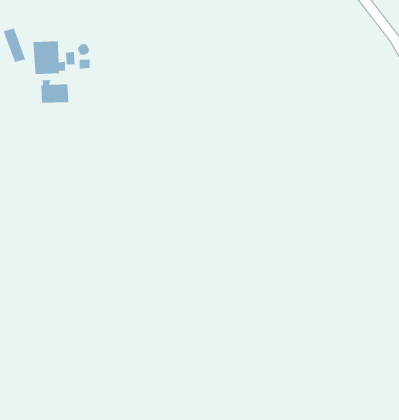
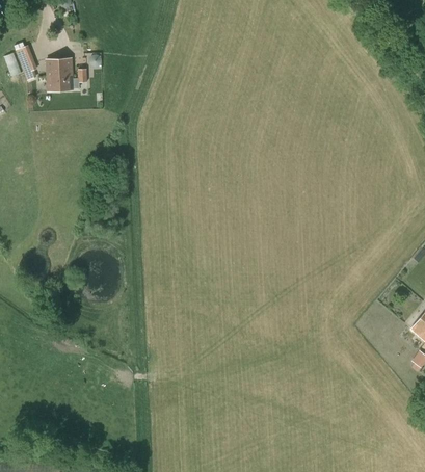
building: [40,79,69,103] -> none

